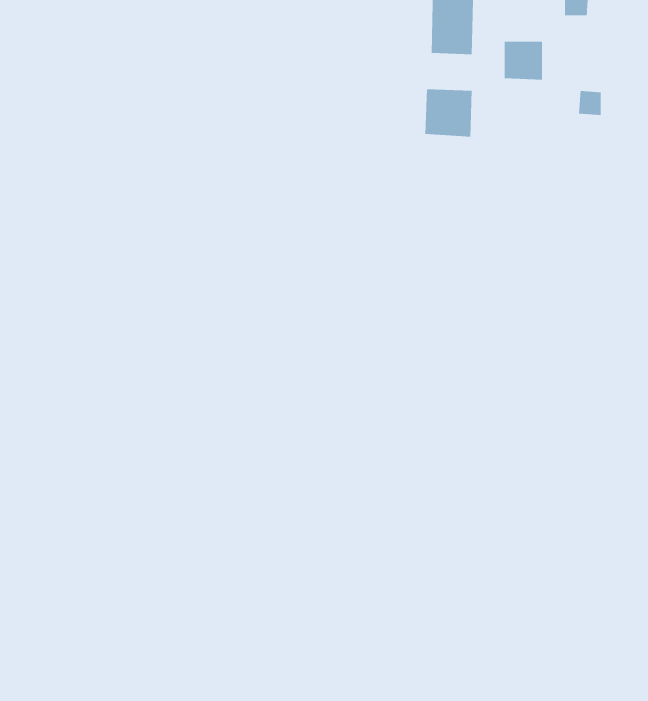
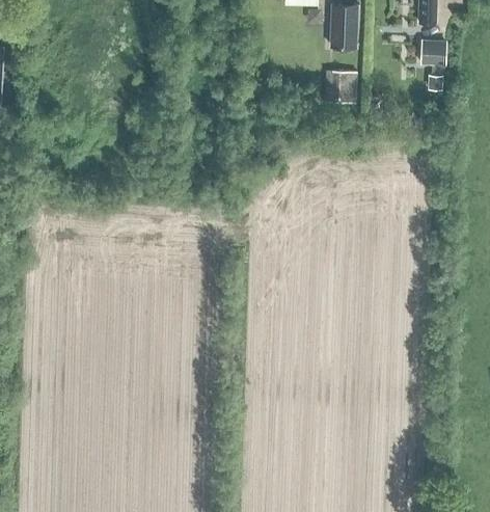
building: [504,41,543,80] -> [420,41,446,66]

